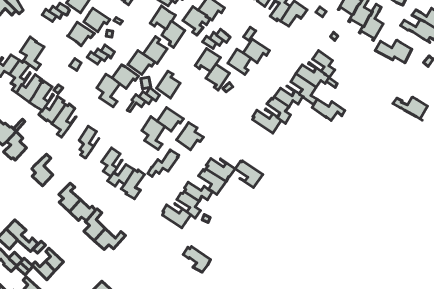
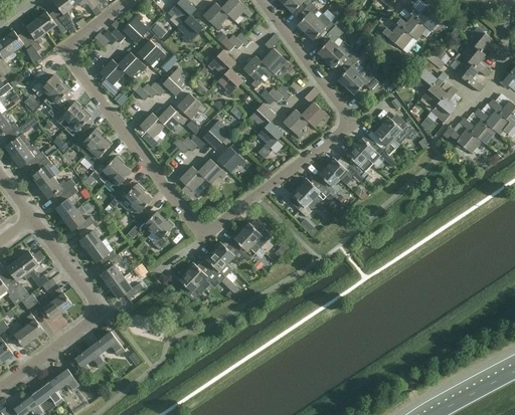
building: [143,36,167,64] -> [162,66,188,95]
building: [20,37,44,70] -> [99,58,125,94]
building: [393,97,428,120] -> [459,117,495,145]
building: [312,99,345,120] -> [381,117,415,142]
building: none -> [93,155,124,182]
building: [176,123,203,150] -> [216,143,245,172]
building: none -> [39,176,74,198]
building: [148,150,179,177] -> [109,182,145,207]
building: [235,161,263,187] -> [290,186,318,216]
building: none -> [63,205,94,231]
building: [183,247,211,272] -> [176,271,204,300]

